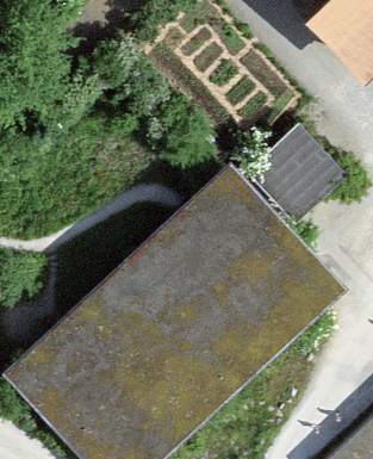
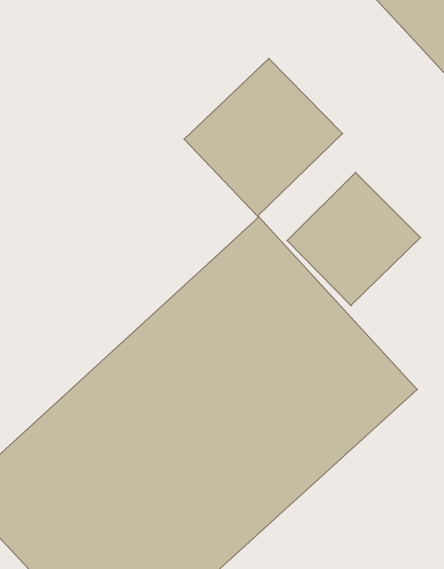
building: none -> [184,58,342,216]

